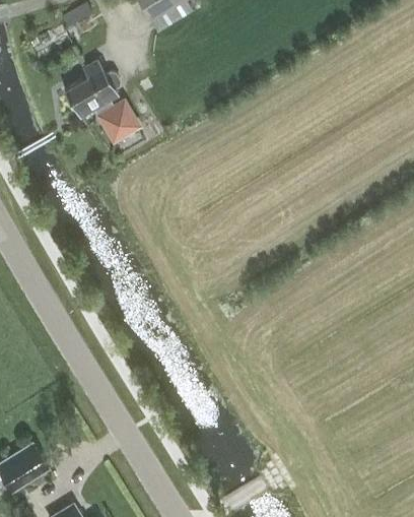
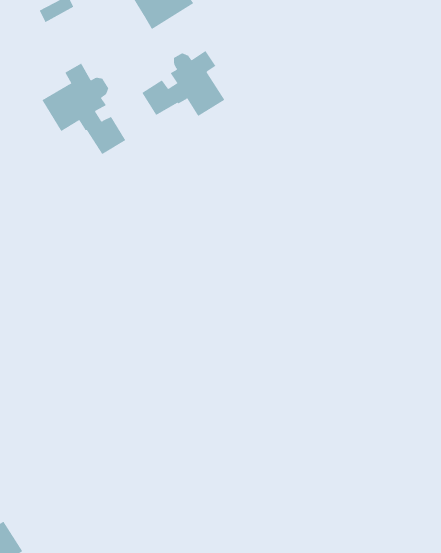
building: none -> [141,50,225,117]

